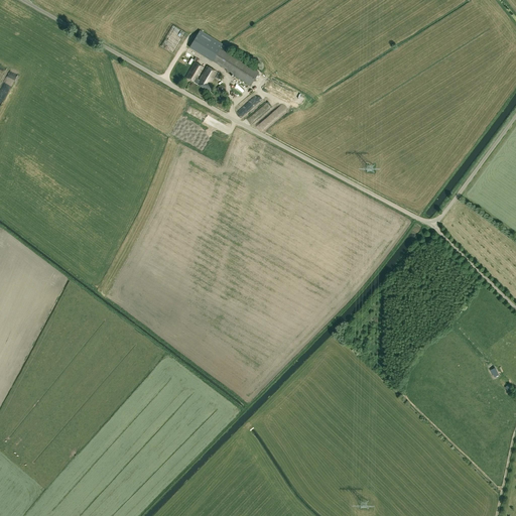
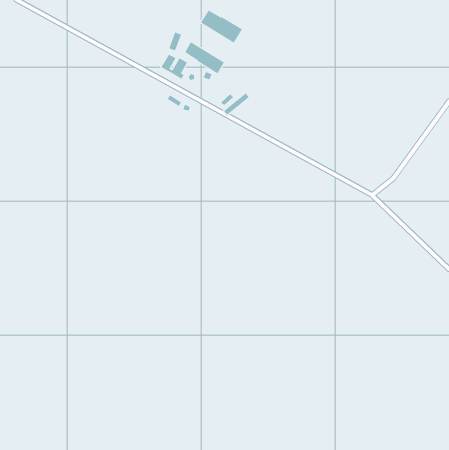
building: none -> [200,10,243,44]

